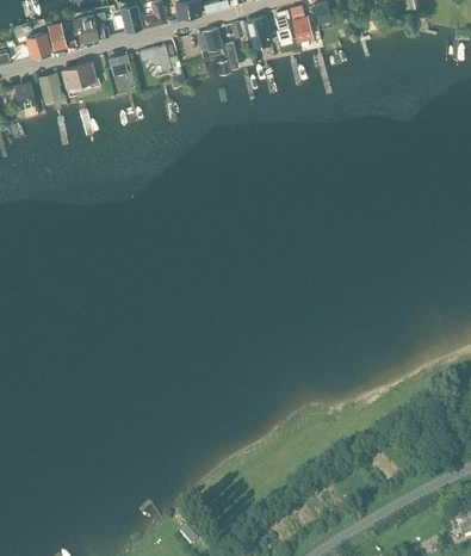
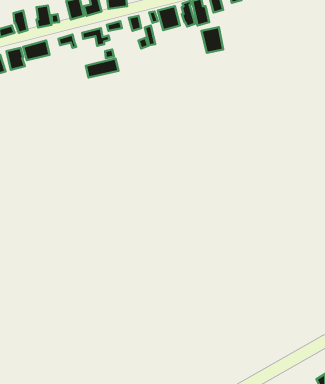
building: none -> [201,27,223,53]
building: none -> [86,58,118,78]

